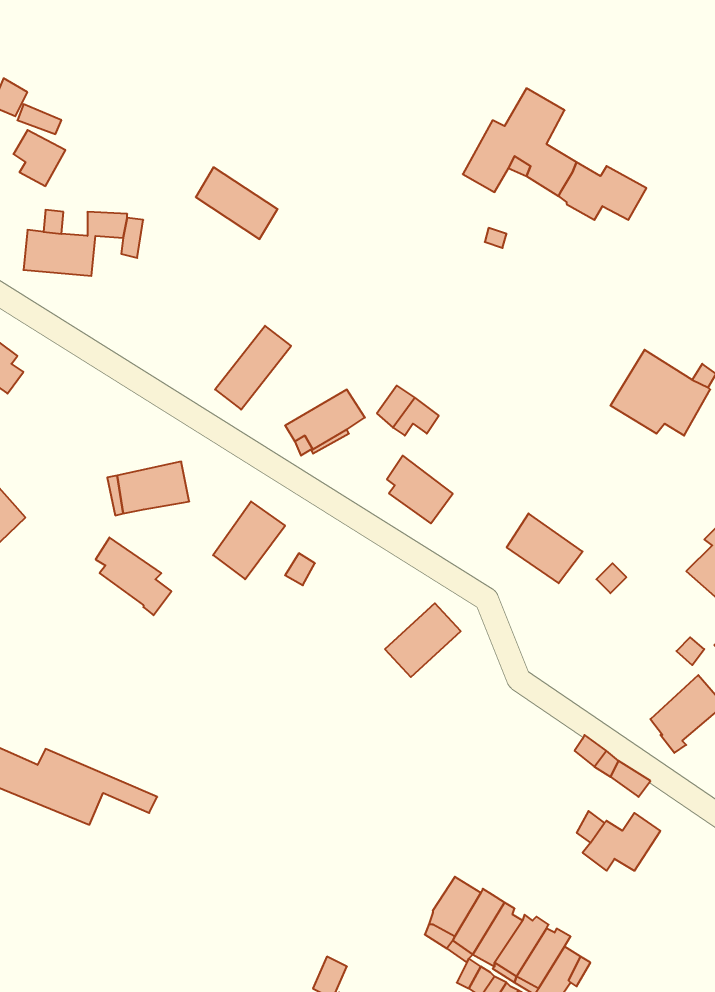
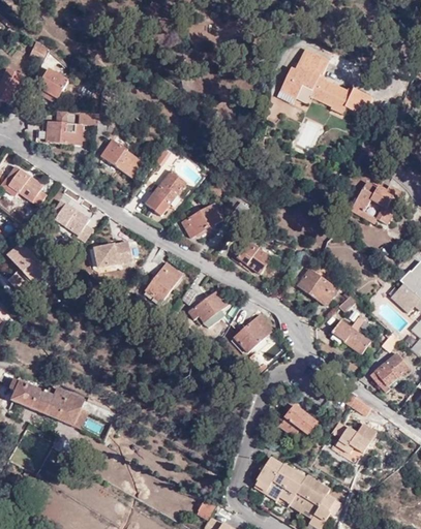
building: [196,167,278,239] -> [100,141,143,178]
building: [96,537,171,615] -> [52,201,91,242]
building: none -> [187,287,229,326]
building: none -> [332,317,368,353]
building: none -> [278,404,314,435]

